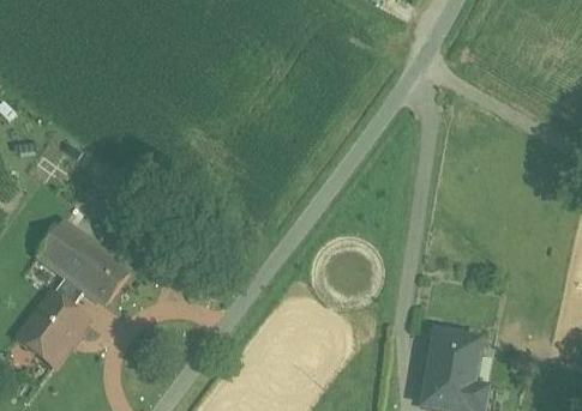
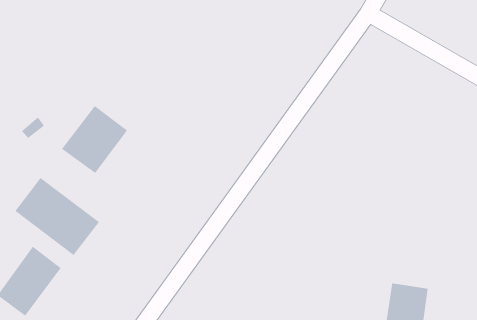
building: none -> [61,105,128,174]

